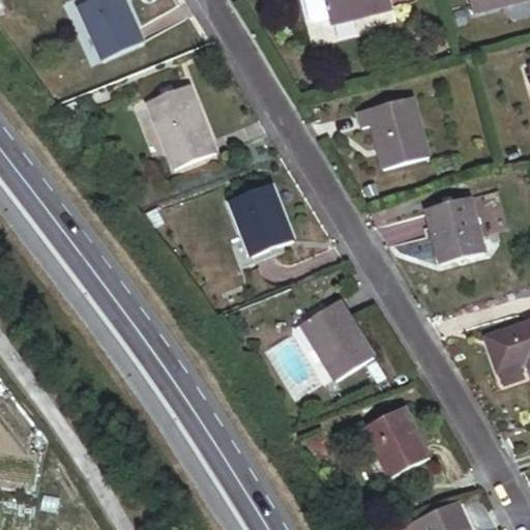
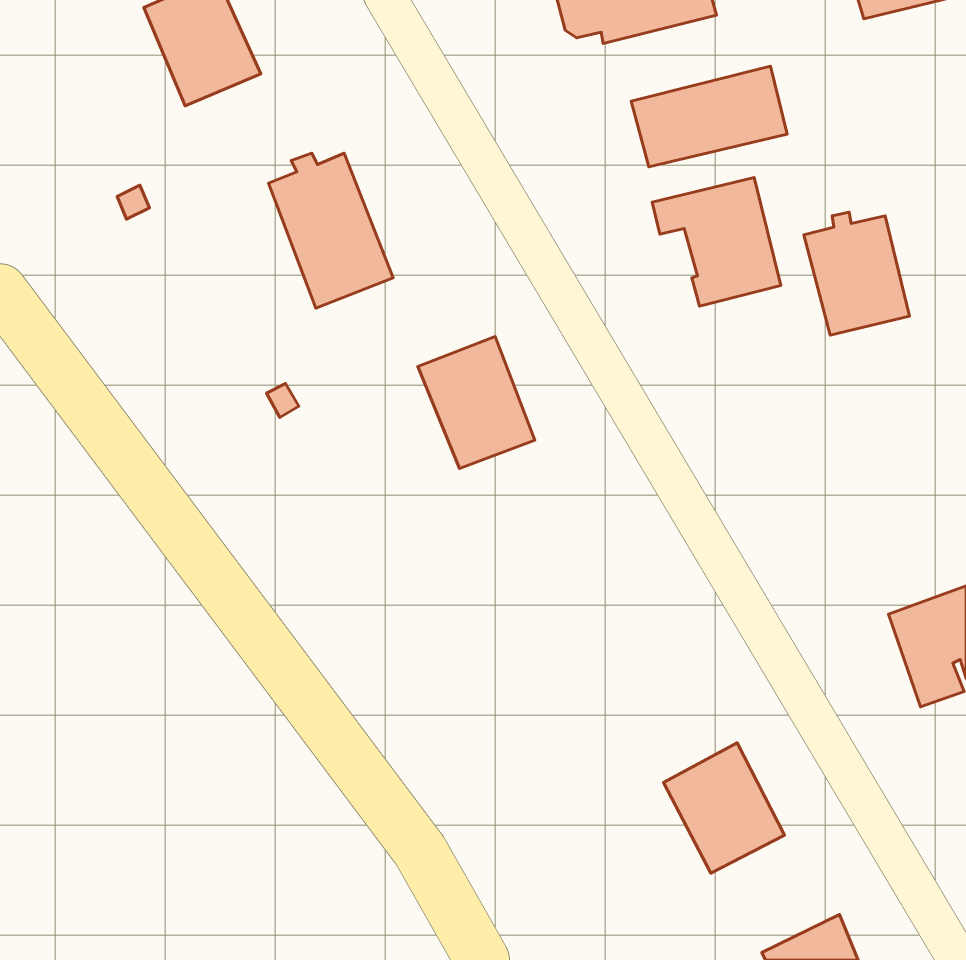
building: none -> [631,66,787,167]
building: [426,196,484,263] -> [804,212,910,335]
building: [300,299,375,380] -> none

